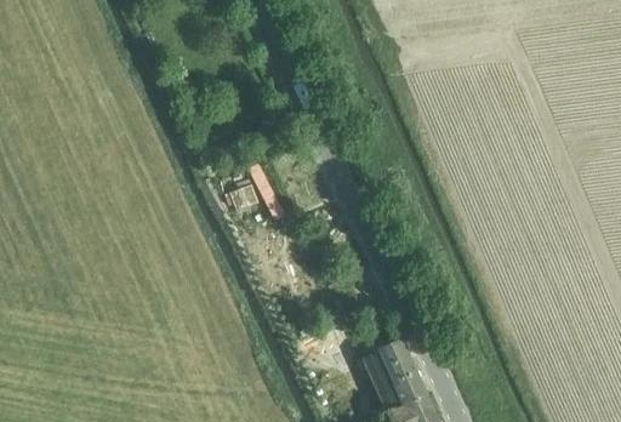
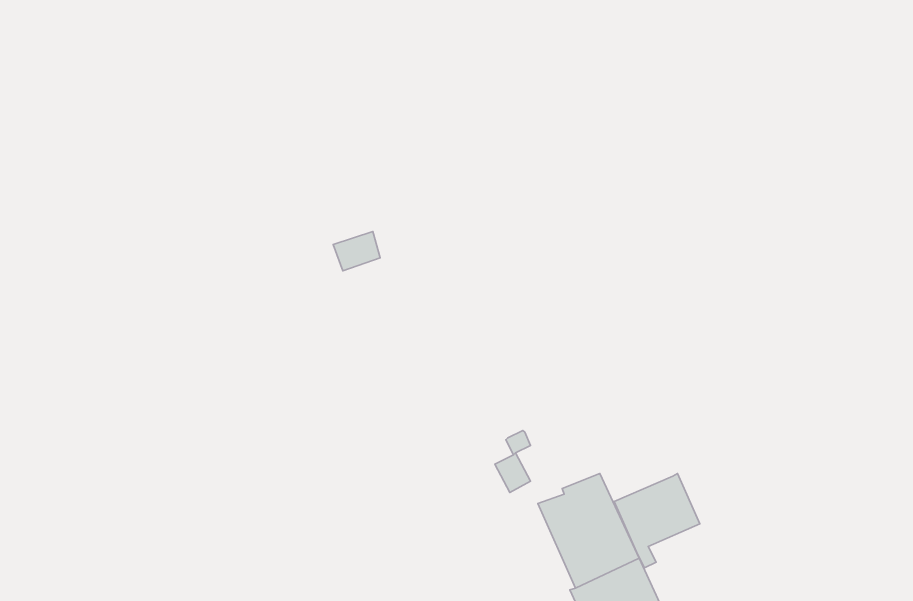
building: none -> [614,473,700,568]

